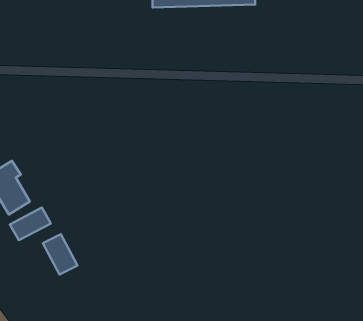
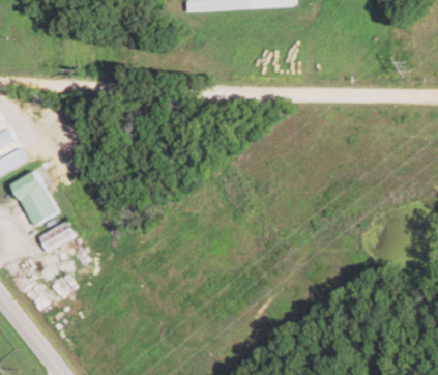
building: [43,234,78,274] -> none

